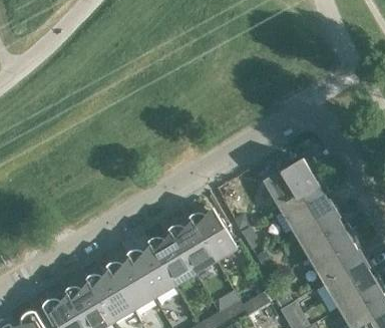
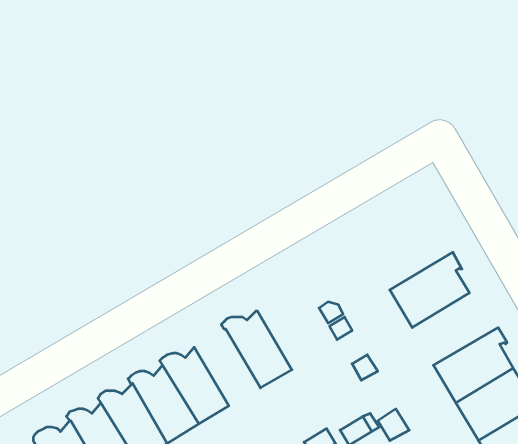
building: [265,159,322,208] -> none
building: [188,208,236,261] -> none
building: [295,210,352,258] -> none
building: [147,234,194,285] -> none

